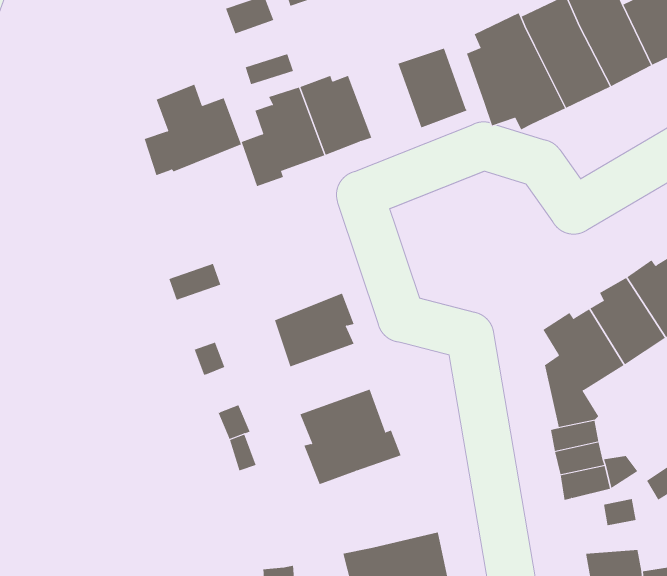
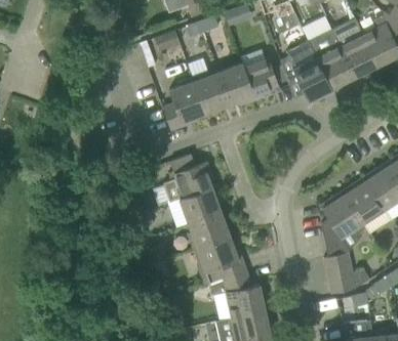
building: none -> [218,62,256,104]
building: [144,84,242,176] -> [164,154,215,202]
building: none -> [188,212,230,249]
building: none -> [210,270,266,318]

